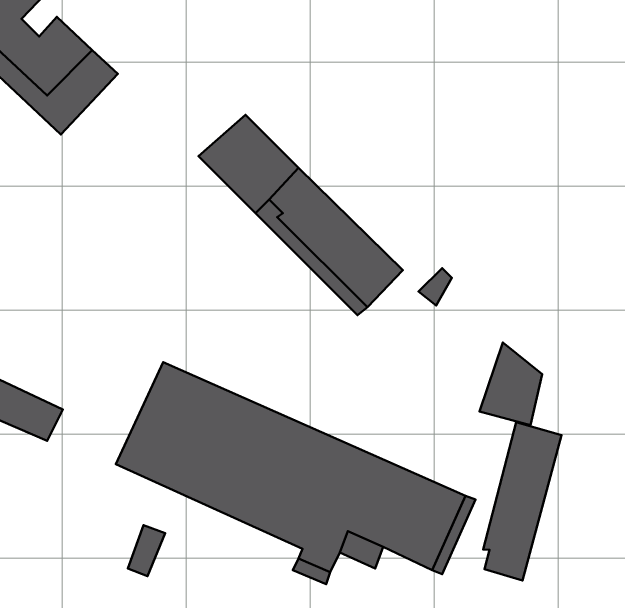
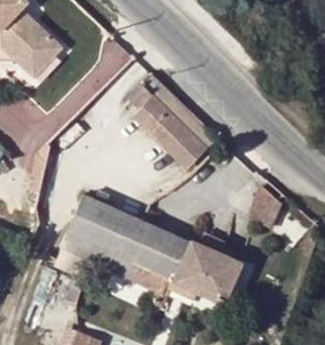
building: [483,422,562,580] -> none

